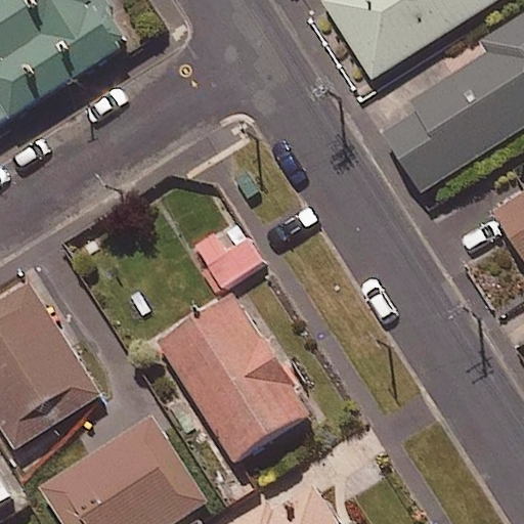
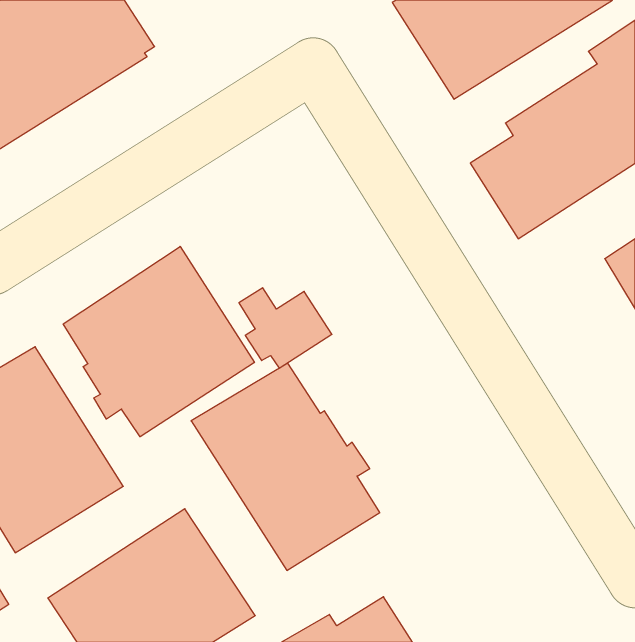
building: none -> [63,246,254,437]

